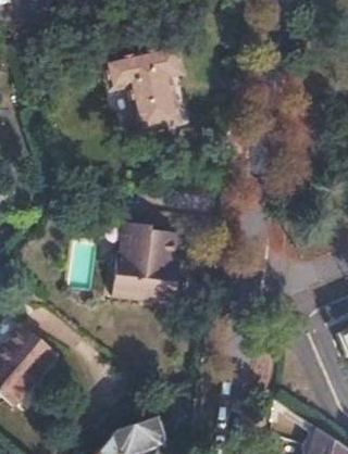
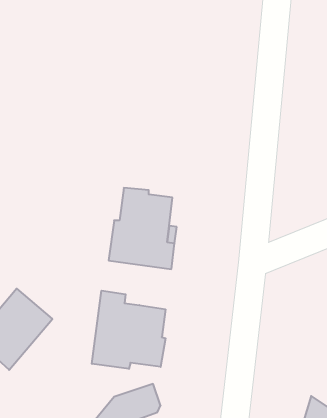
building: [107,47,185,134] -> none
building: none -> [92,291,166,369]

